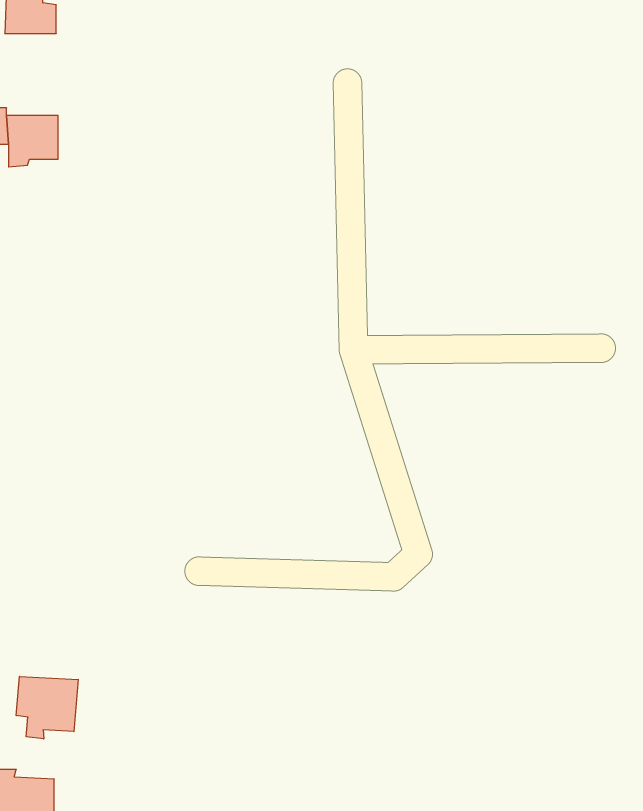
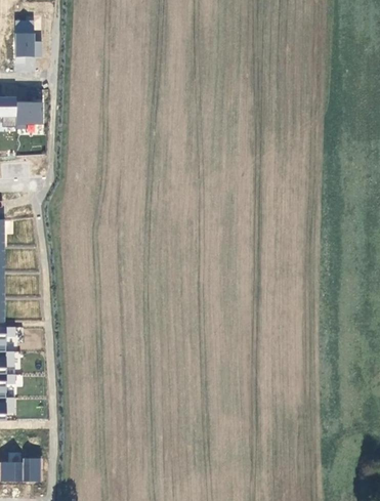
building: [16,676,78,739] -> none

